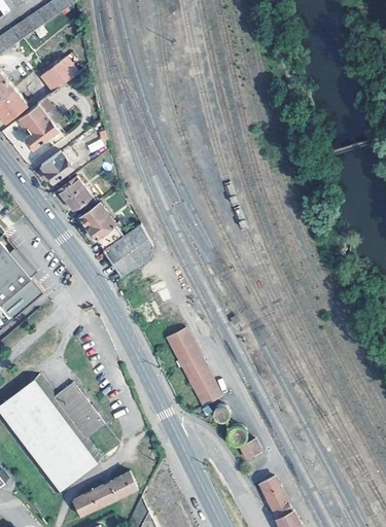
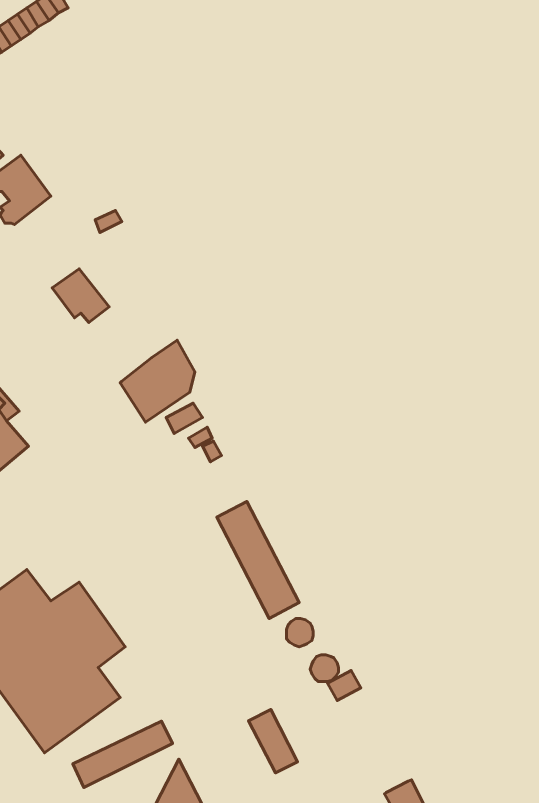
building: [41,58,78,93] -> none
building: [41,152,75,187] -> none
building: [80,204,124,251] -> none
building: [258,478,290,519] -> [249,710,298,773]

